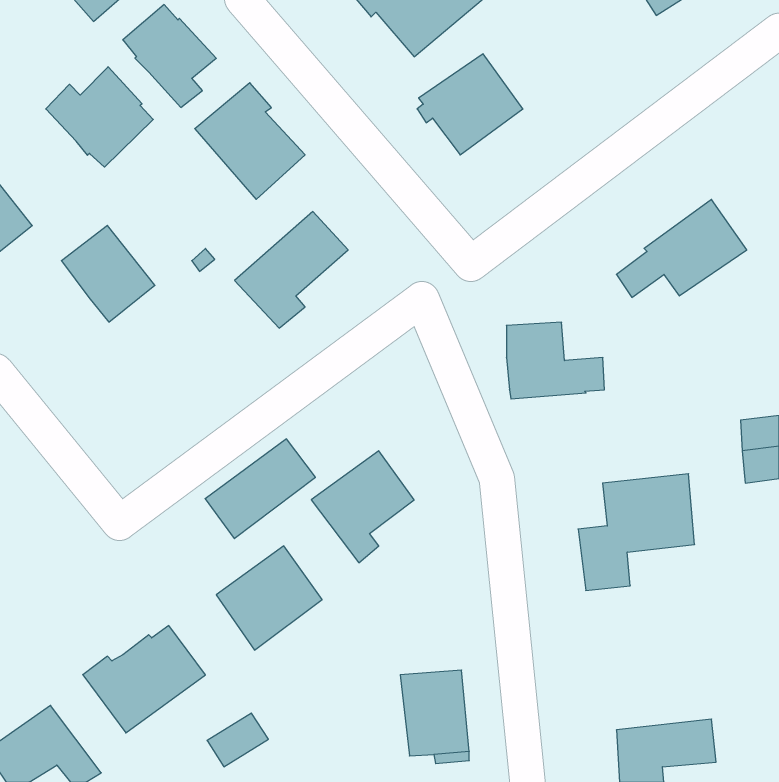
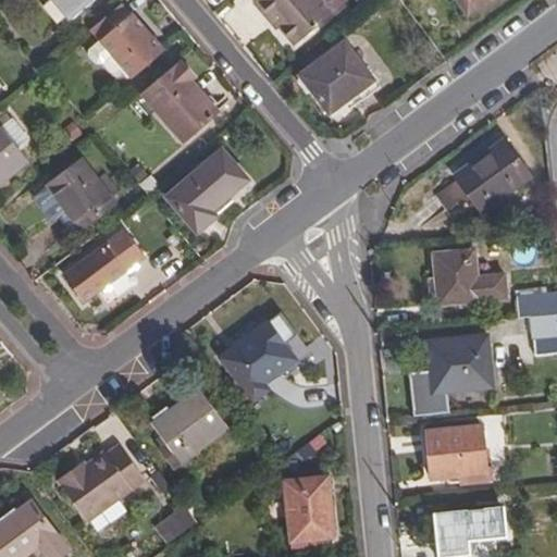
building: [46,67,153,167] -> none
building: [506,322,604,399] -> [437,251,507,306]
building: [205,439,315,539] -> [60,233,138,304]
building: none -> [429,429,490,488]

